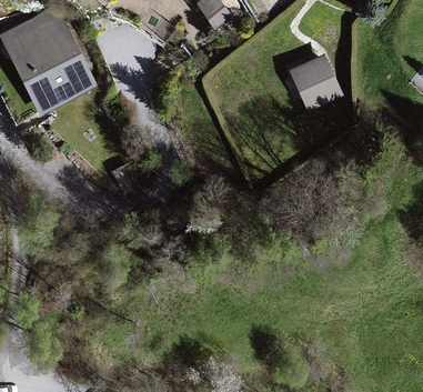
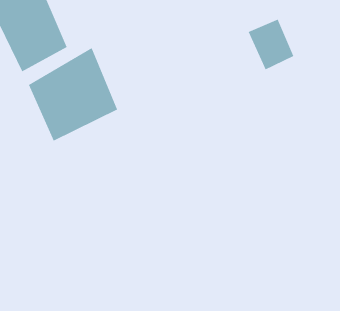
building: none -> [28,47,118,141]

